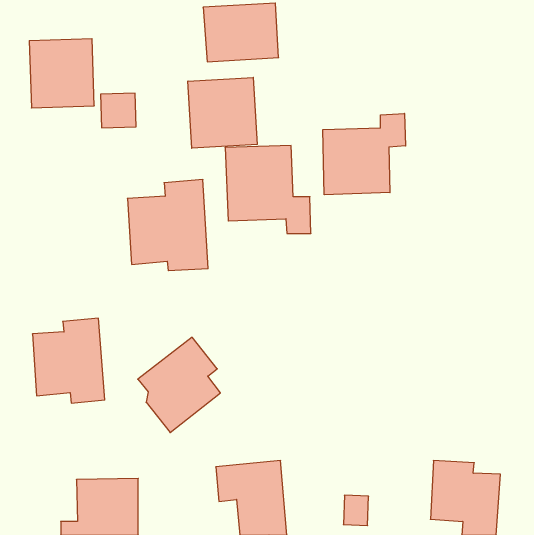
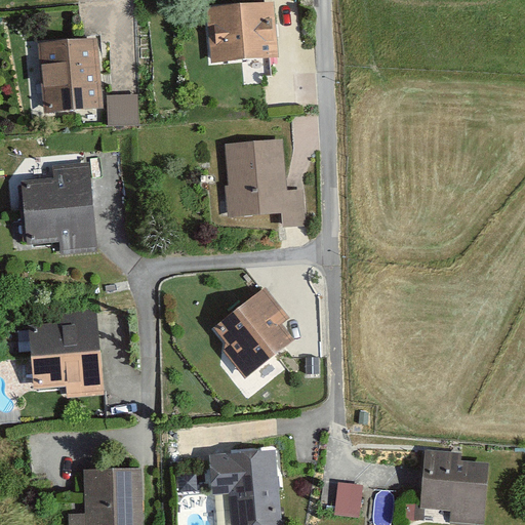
building: [188,77,257,148] -> none
building: [323,113,406,195] -> none
building: [127,180,208,271] -> [12,159,91,248]
building: [138,337,220,433] -> [213,288,294,381]

